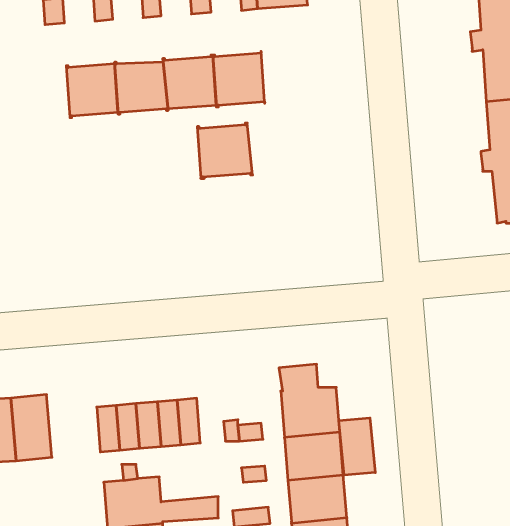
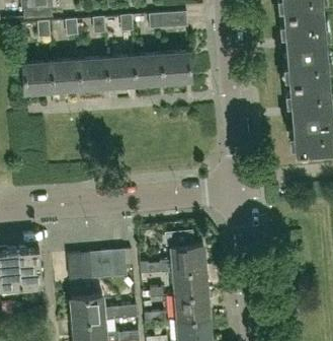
building: none -> [22,61,53,92]
building: [197,123,253,178] -> [161,51,192,82]
building: [339,418,375,475] -> none

